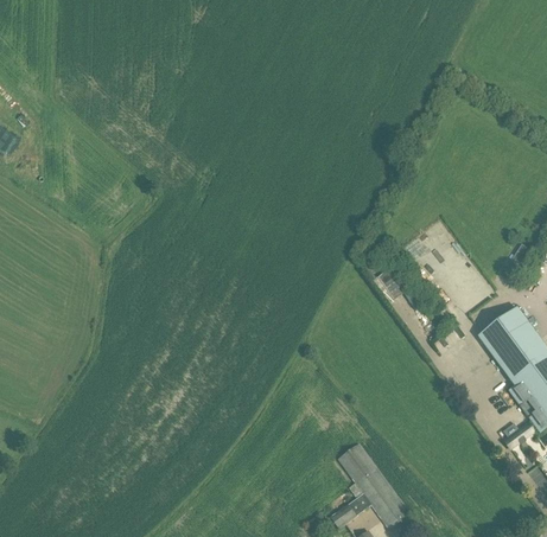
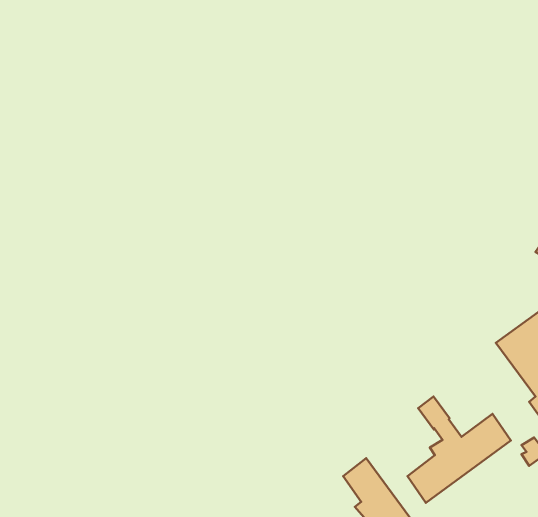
building: none -> [407,397,511,503]

